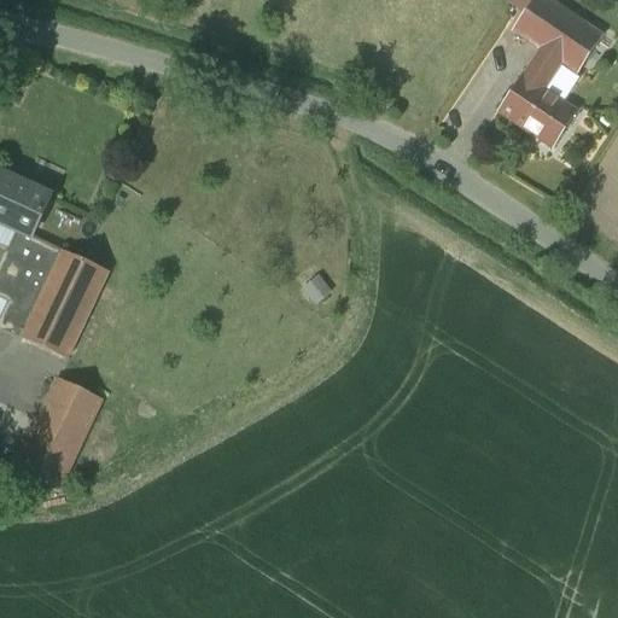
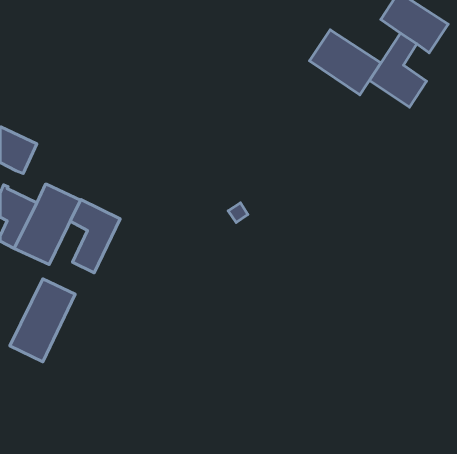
building: none -> [310,30,381,95]
building: [10,231,62,274] -> none
building: none -> [70,200,120,273]

